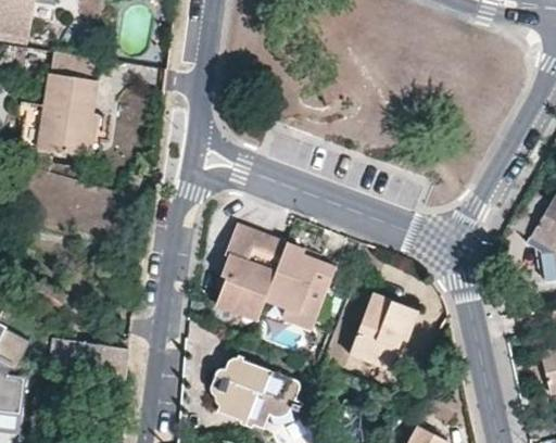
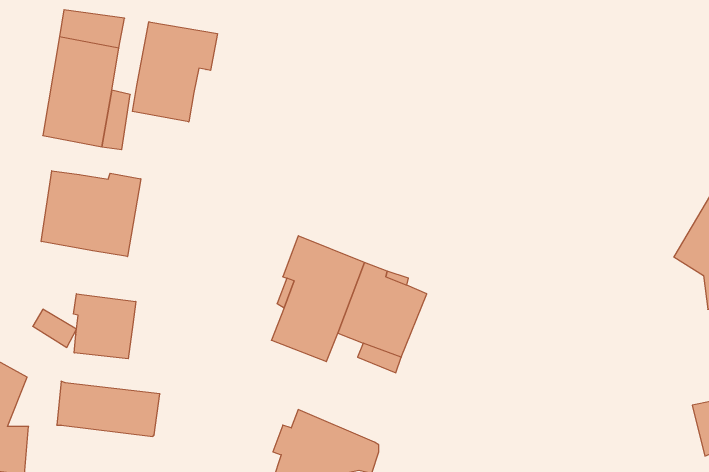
building: none -> [132,22,217,122]
building: none -> [41,171,141,257]
building: none -> [74,294,136,359]
building: [348,293,417,370] -> none

